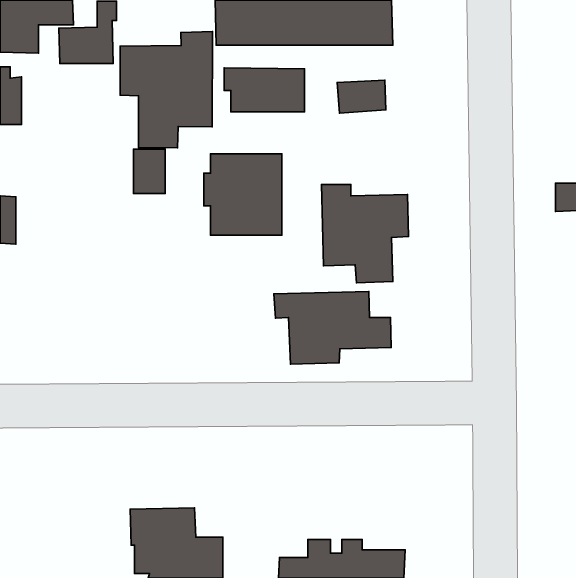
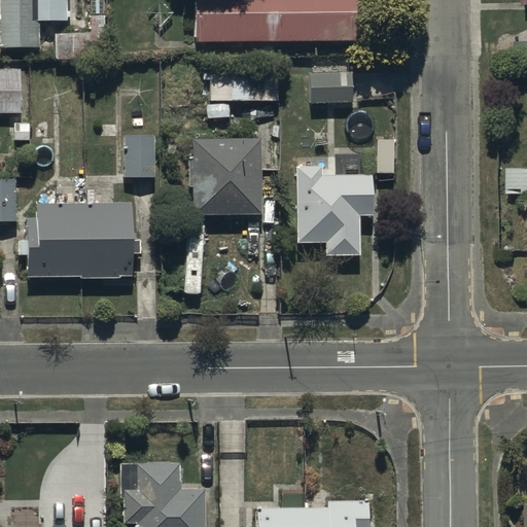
building: [120,32,212,148] -> none
building: none -> [27,203,133,276]
building: [274,291,391,364] -> none

